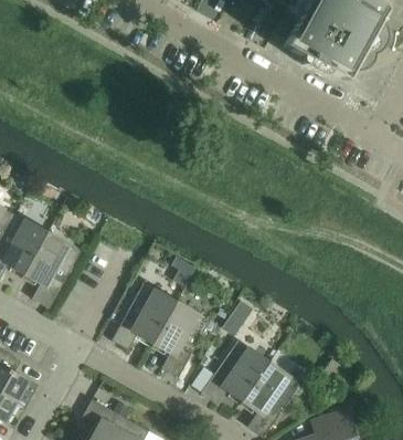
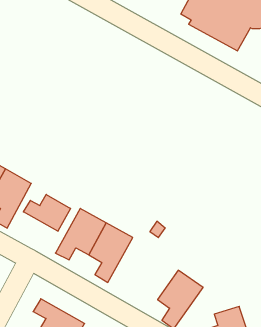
building: none -> [23,194,71,231]
building: [200,341,268,405] -> none

